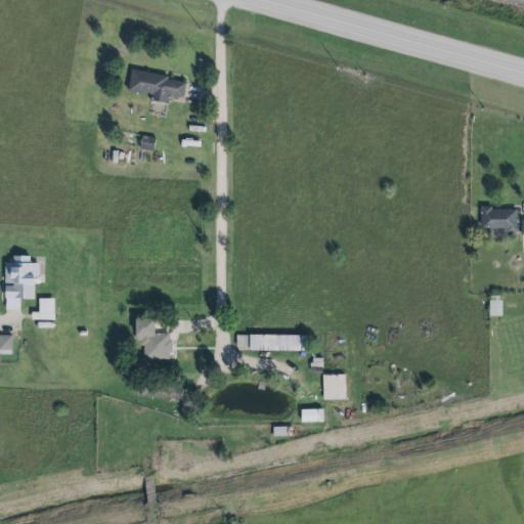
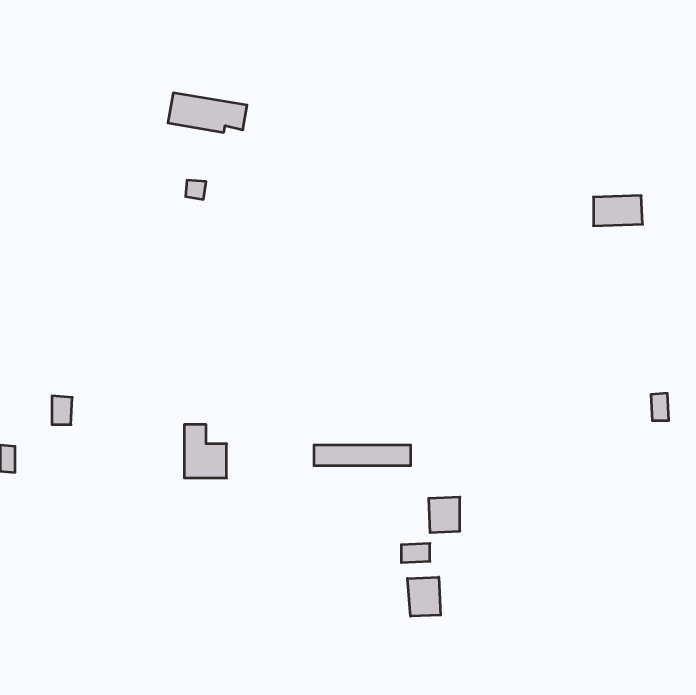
building: [481,207,518,229] -> [593,196,643,226]
building: [6,255,43,301] -> none
building: none -> [407,577,441,616]

